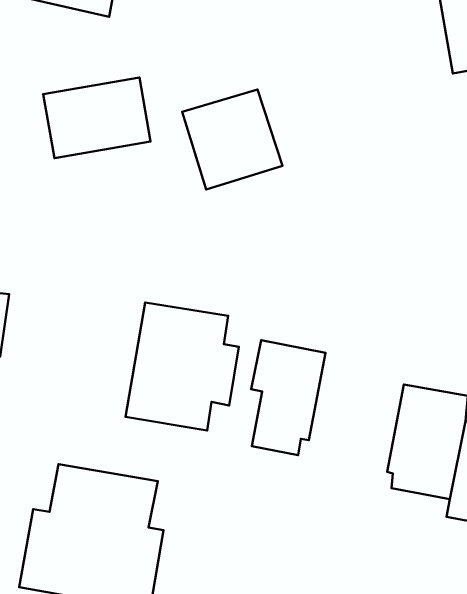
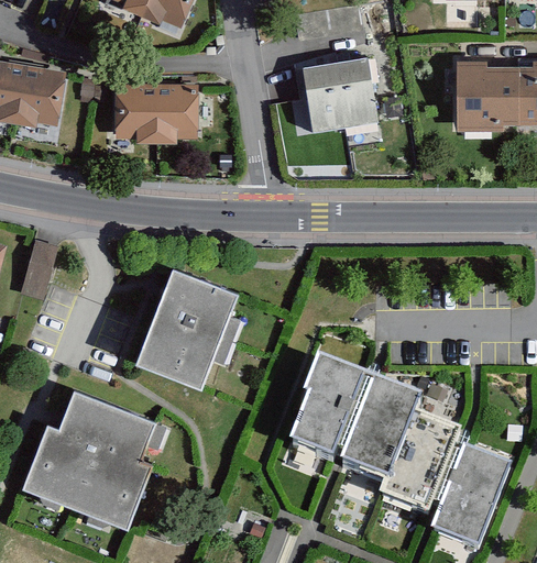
building: [182,90,282,190] -> [305,54,381,130]
building: [251,340,325,455] -> [297,358,372,460]

